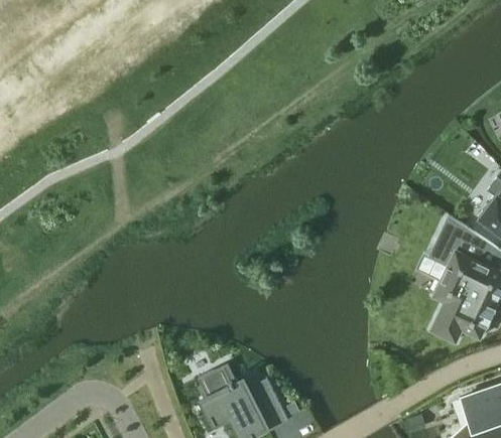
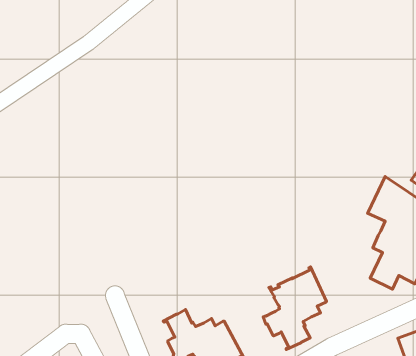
building: none -> [263,267,327,350]

